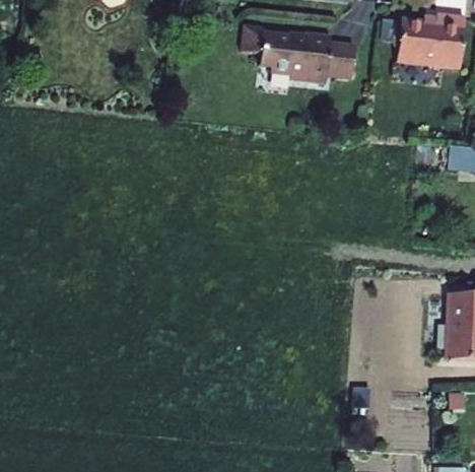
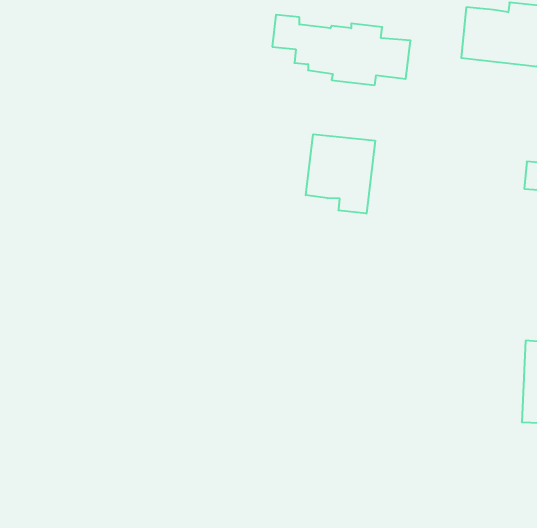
building: none -> [306,134,375,214]

